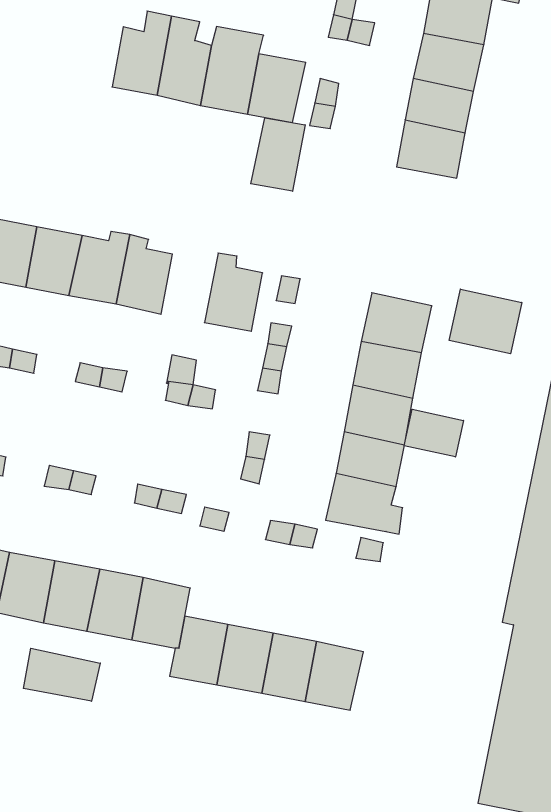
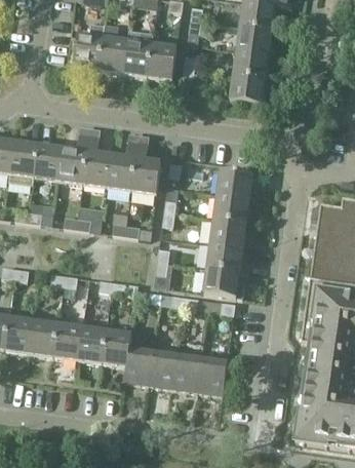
building: [251,118,305,191] -> none
building: none -> [107,151,135,190]
building: [449,289,522,354] -> none
building: [404,409,463,457] -> none
building: [23,648,100,701] -> none

